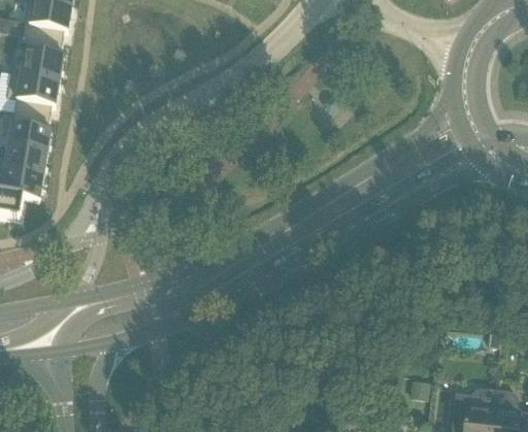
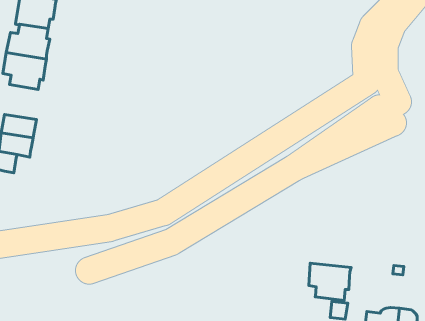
building: [6,107,50,151] -> none
building: none -> [309,263,351,300]

